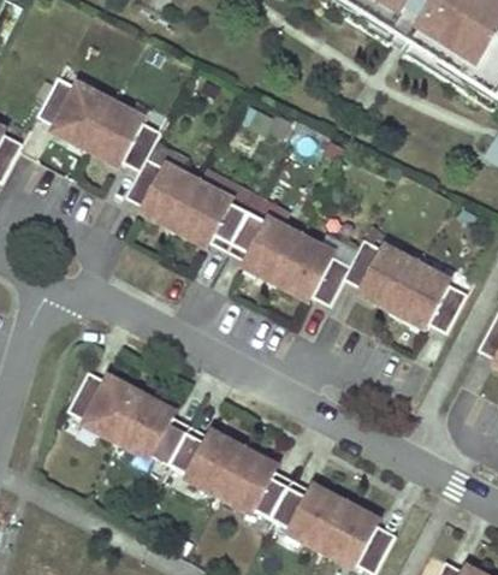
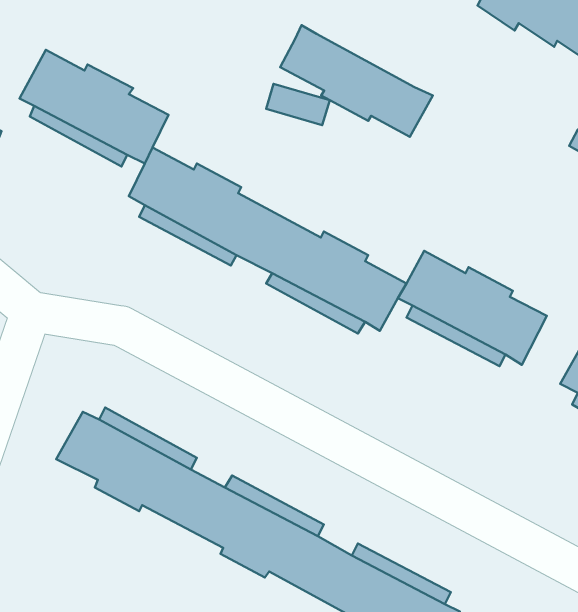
building: none -> [280,25,433,137]

